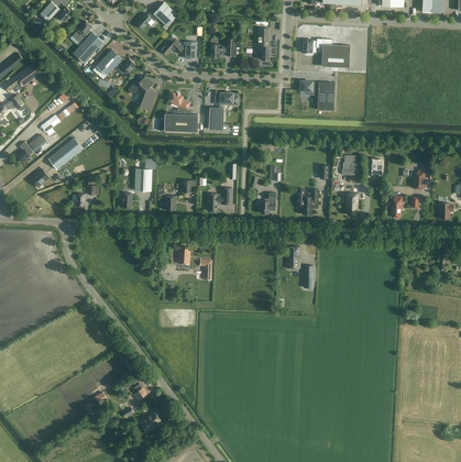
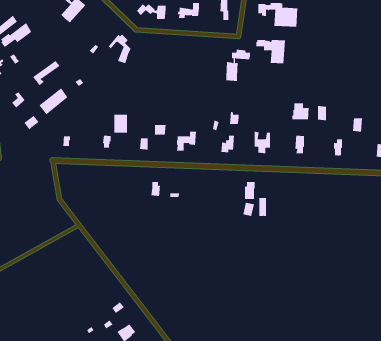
building: [94,50,135,78] -> none
building: [164,92,198,132] -> none
building: [209,92,239,130] -> [225,49,251,81]

